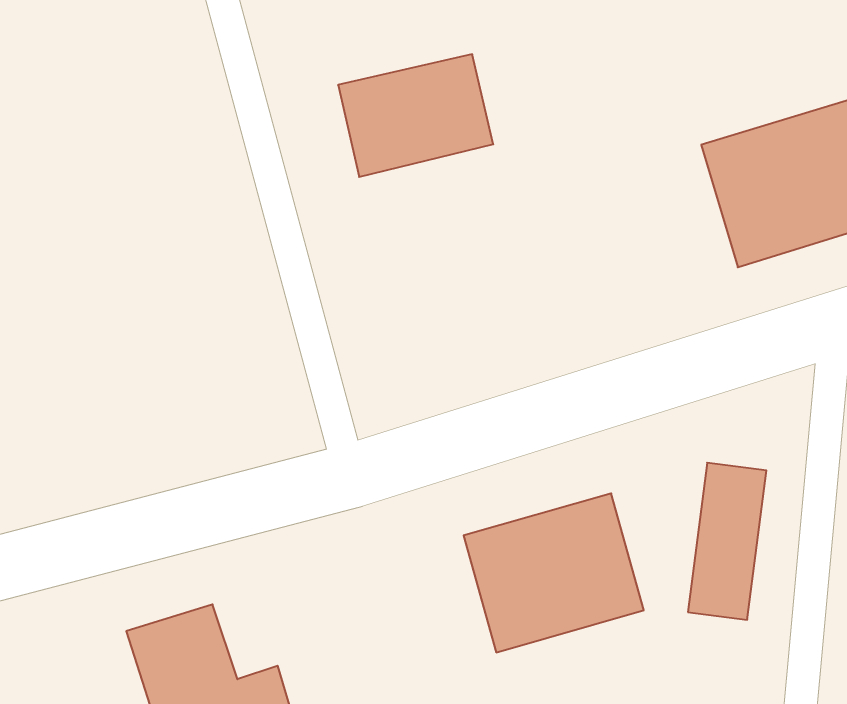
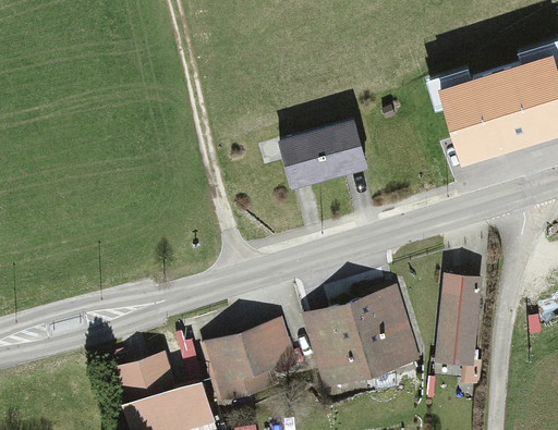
building: [338,54,493,177] -> [272,114,361,184]
building: none -> [208,327,291,401]

